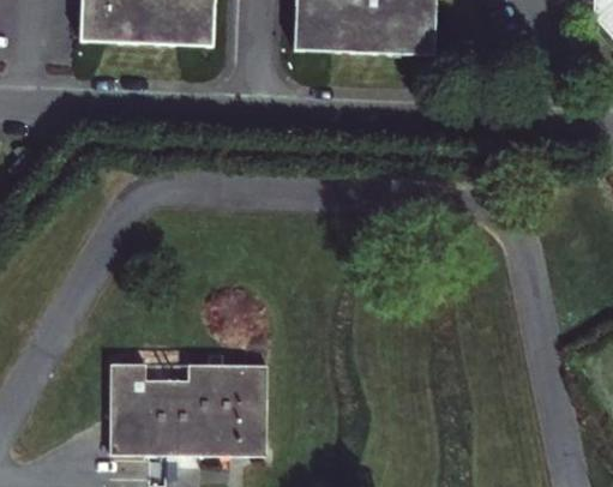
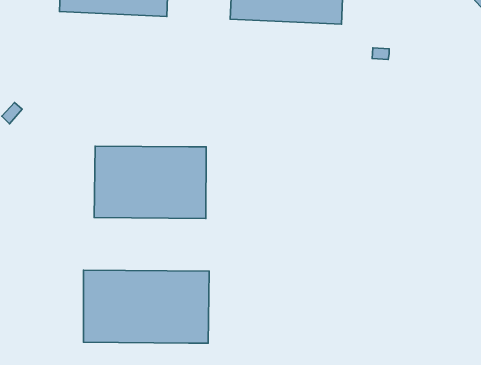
building: none -> [94,146,206,219]

